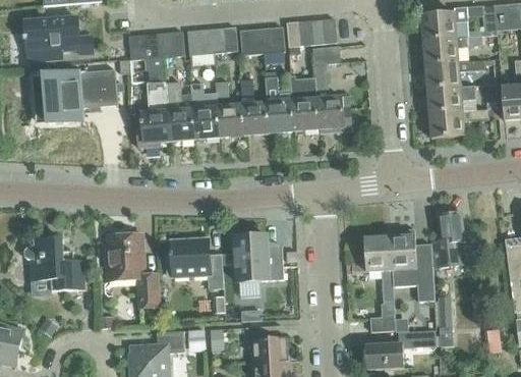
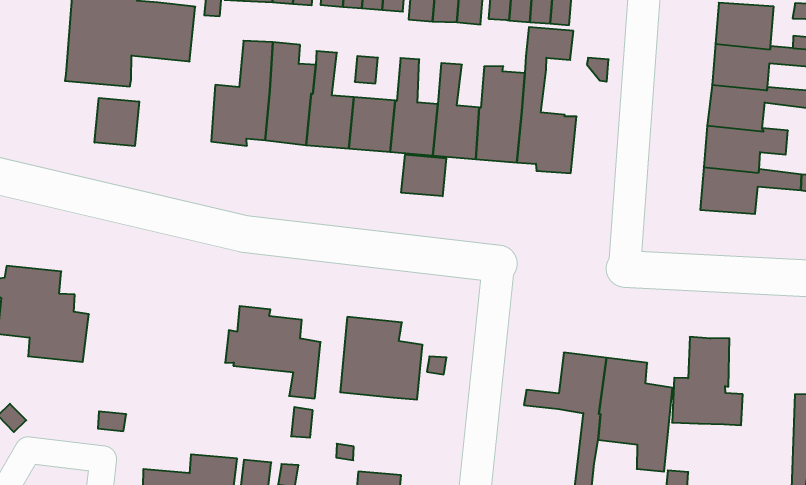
building: none -> [95,98,139,146]
building: none -> [401,155,446,196]
building: [105,233,158,307] -> none

